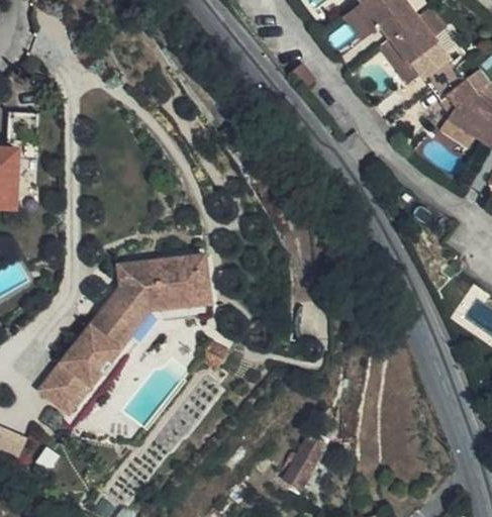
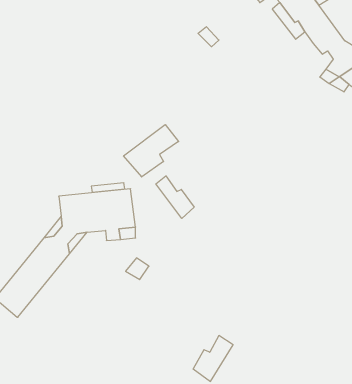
building: none -> [124,125,179,177]
building: none -> [156,176,194,218]

